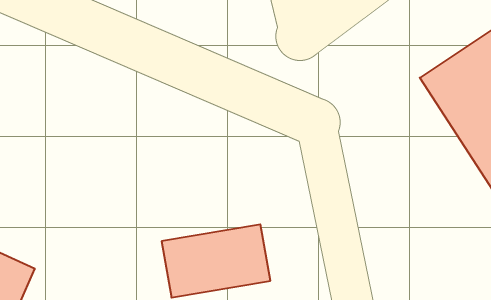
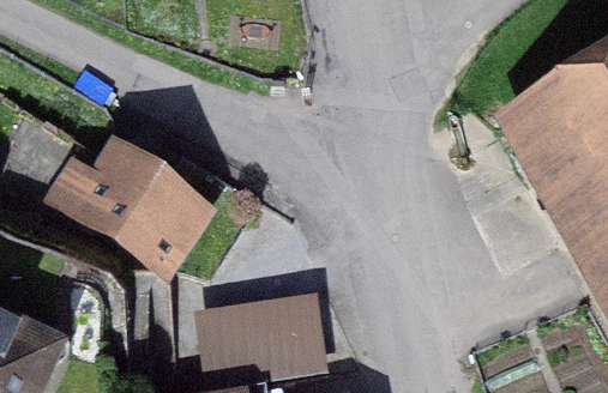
building: none -> [70,153,193,268]

